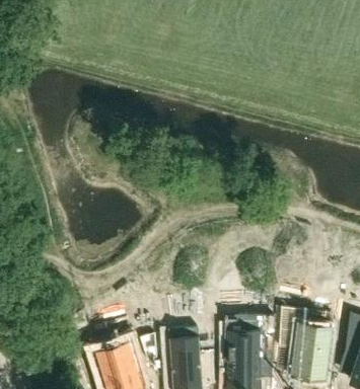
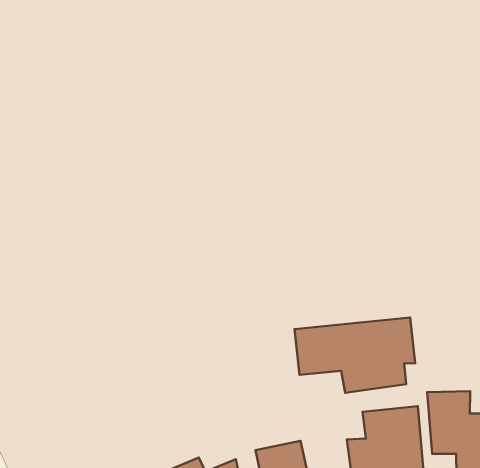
building: none -> [295,318,415,393]

